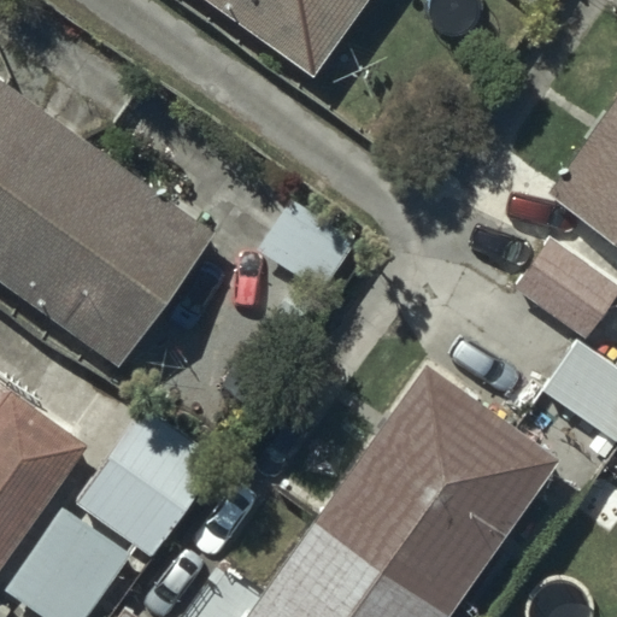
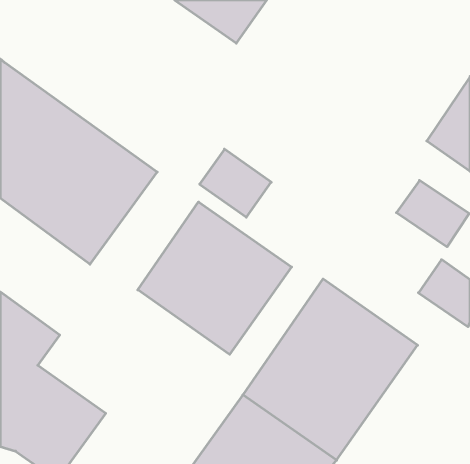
building: none -> [138,202,292,354]
building: [82,413,210,545] -> none

